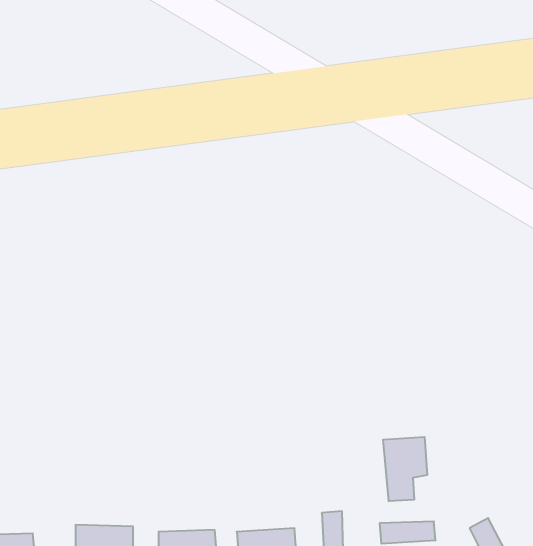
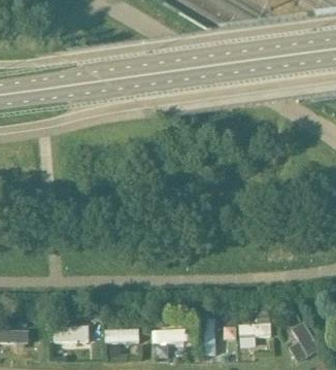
building: [383,437,427,501] -> none

